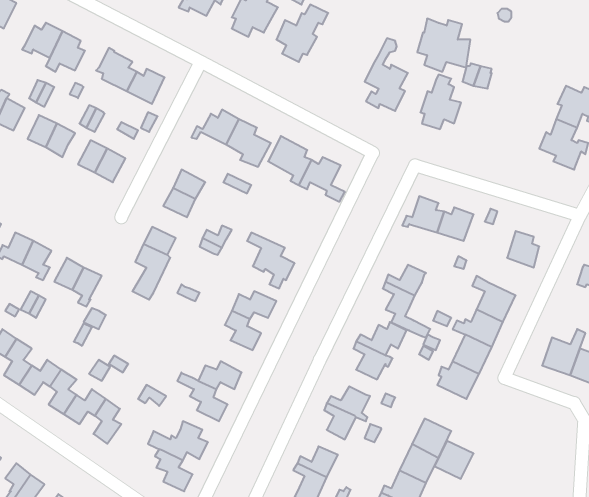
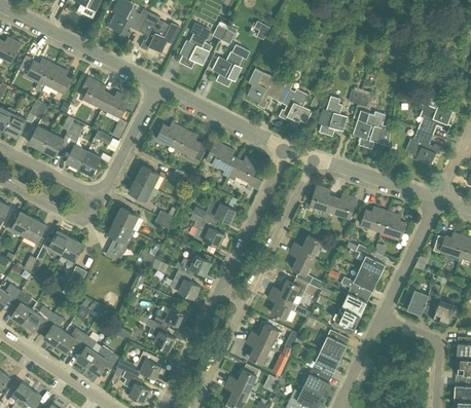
building: [417,19,470,72] -> [353,110,392,149]
building: none -> [247,68,284,109]
building: none -> [193,197,240,223]
building: none -> [361,207,388,230]
building: none -> [87,344,119,375]
building: [434,441,474,479] -> [321,330,350,358]

